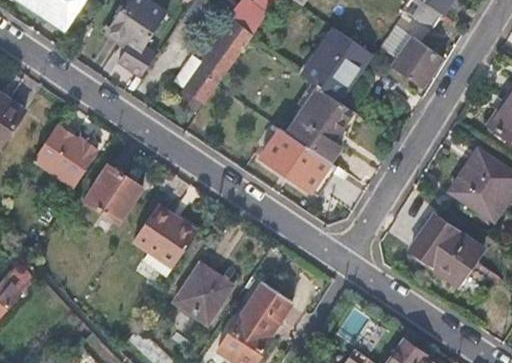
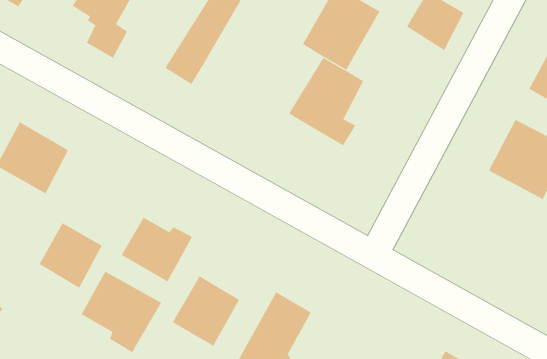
building: [262,129,337,196] -> none
building: [85,166,140,223] -> [39,222,103,288]
building: [412,217,483,282] -> none
building: none -> [81,271,162,353]

